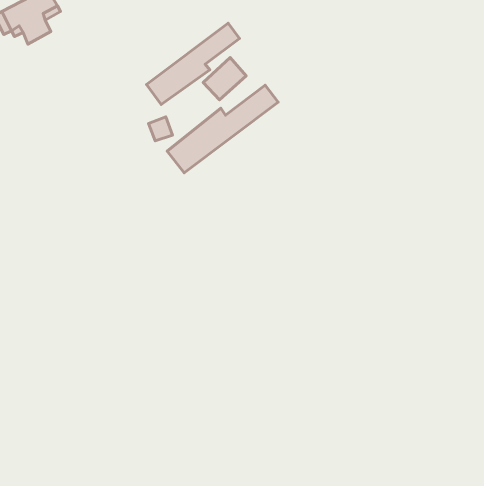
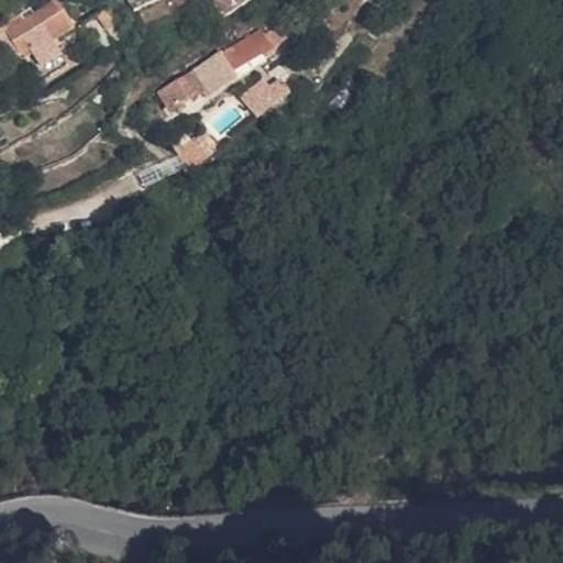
building: [167,85,278,173] -> none

